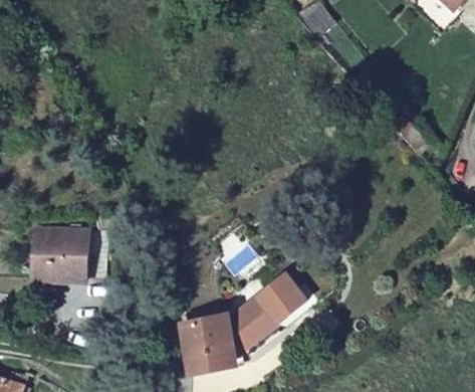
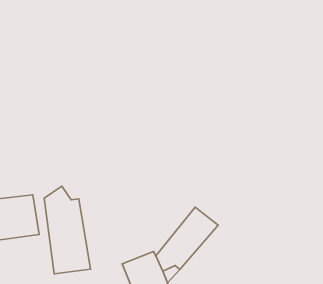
building: none -> [44,186,90,274]

